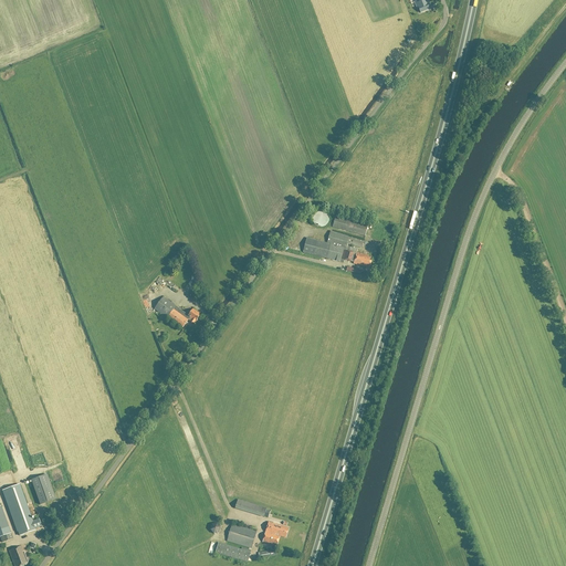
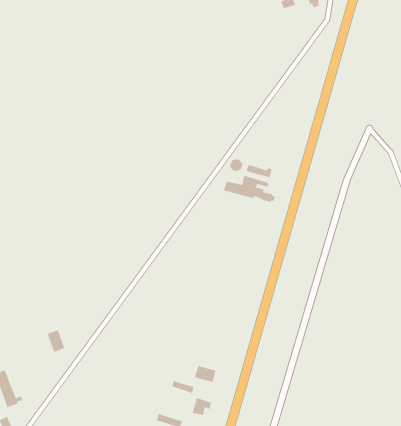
building: [154,295,200,327] -> none
building: [30,472,54,503] -> [47,329,65,353]
building: [226,523,255,546] -> [194,365,217,383]

